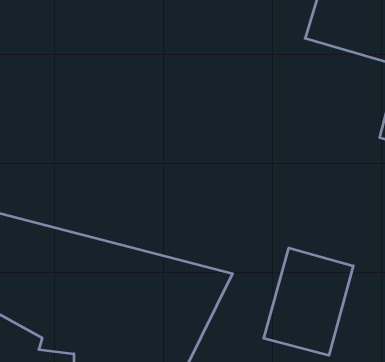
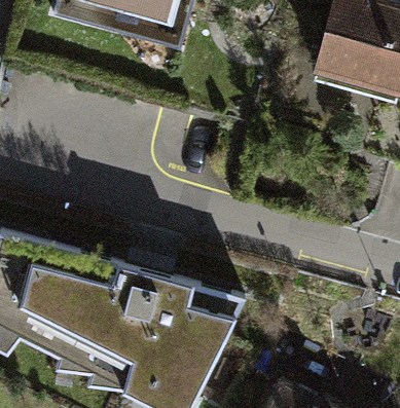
building: [264,248,353,355] -> none

